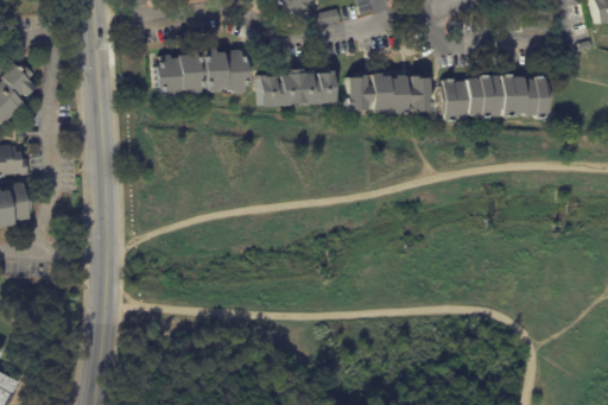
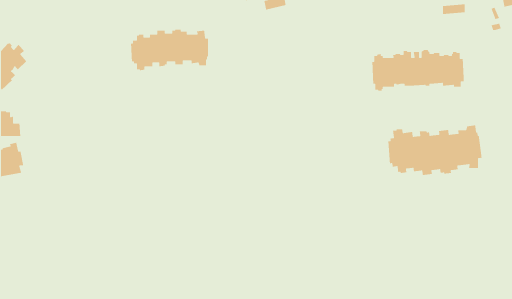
building: [260,70,335,107] -> none
building: [346,72,431,113] -> none
building: none -> [388,124,482,176]

